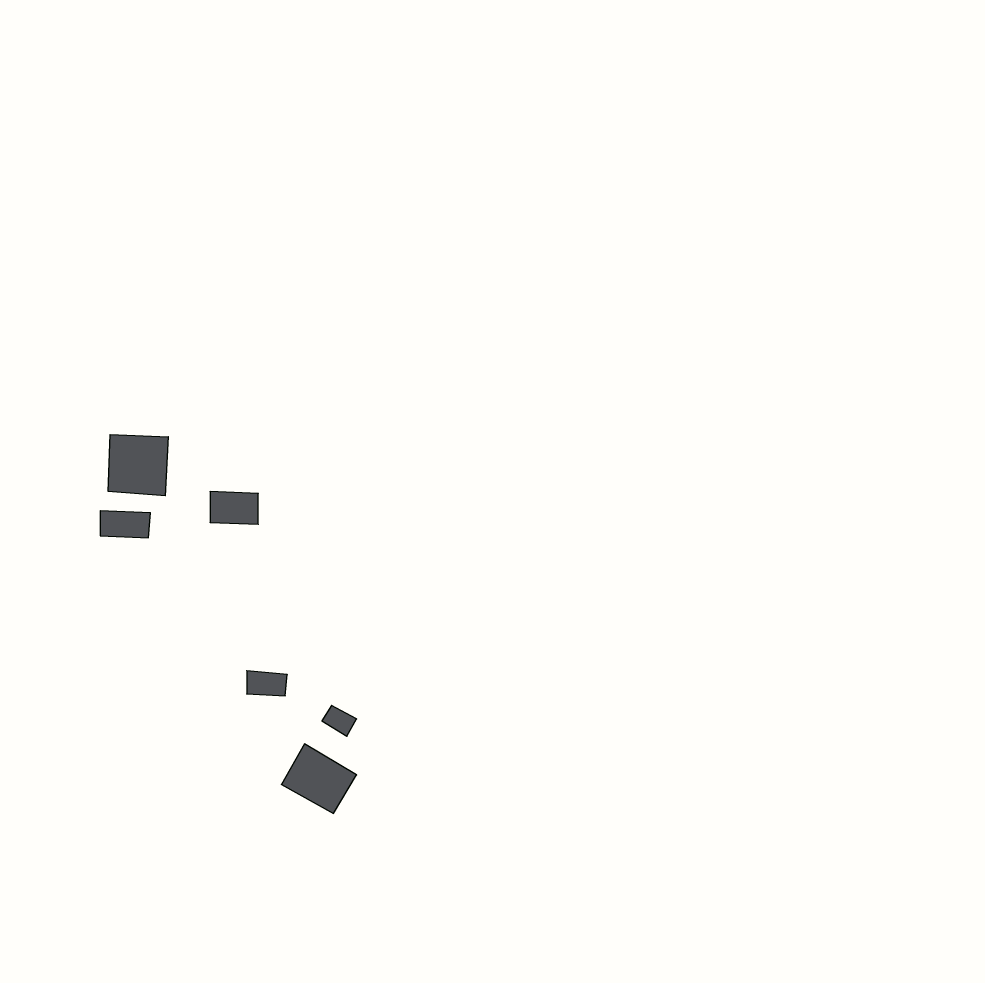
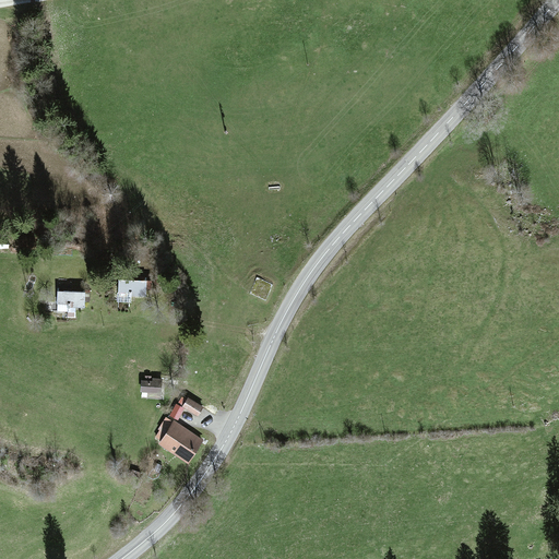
building: [108,435,168,496] -> none

